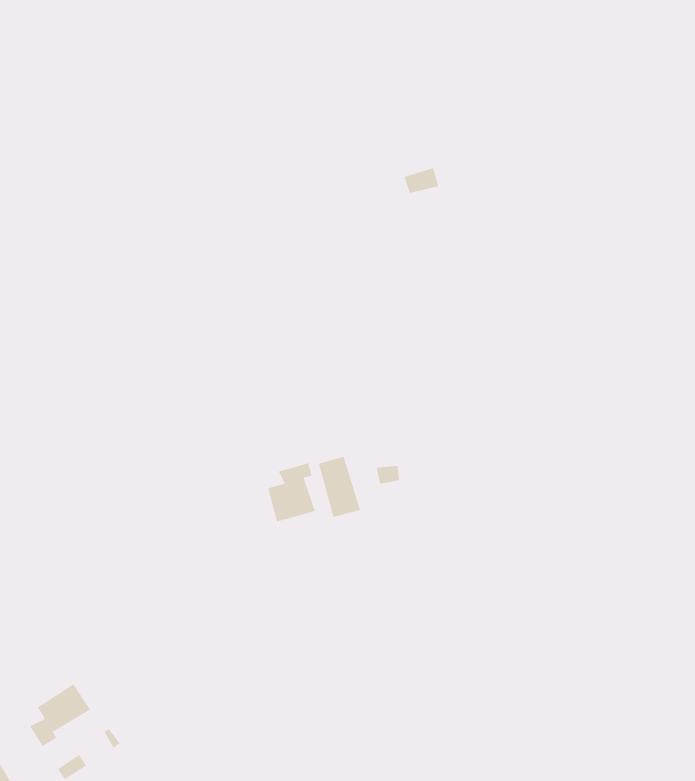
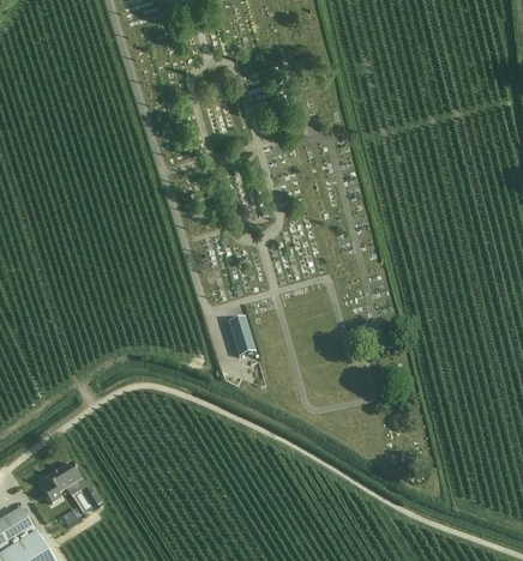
building: [267,462,315,522] -> none

